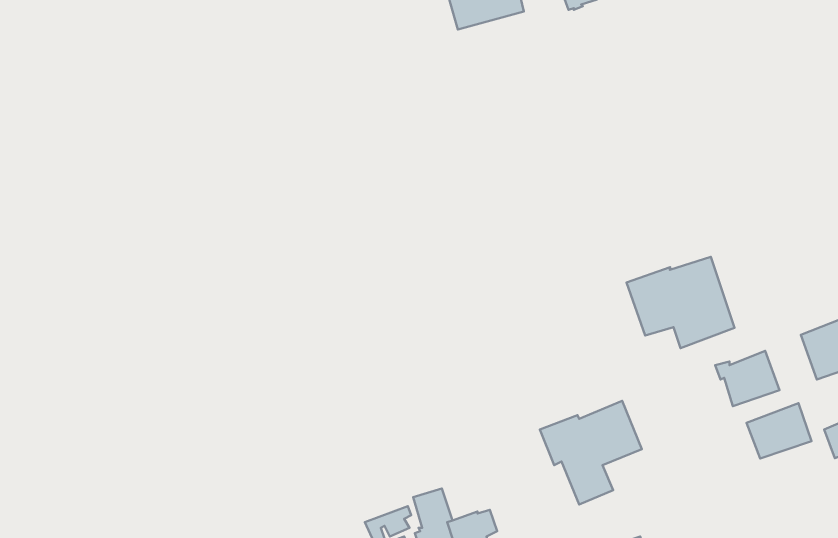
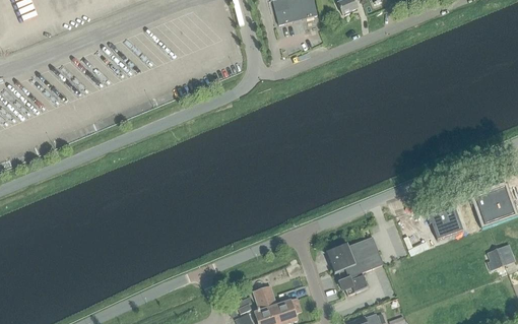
building: [626,257,735,348] -> none
building: [747,403,811,459] -> none

